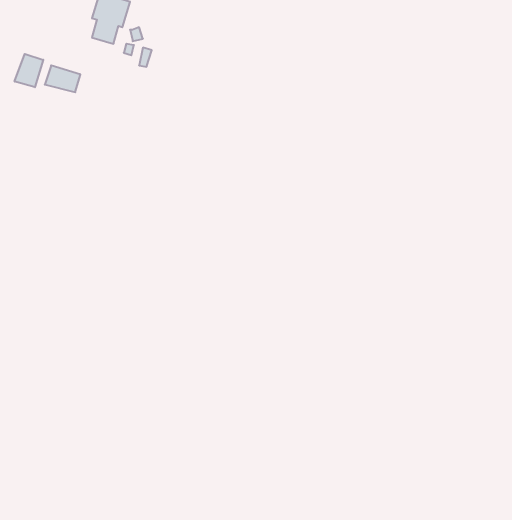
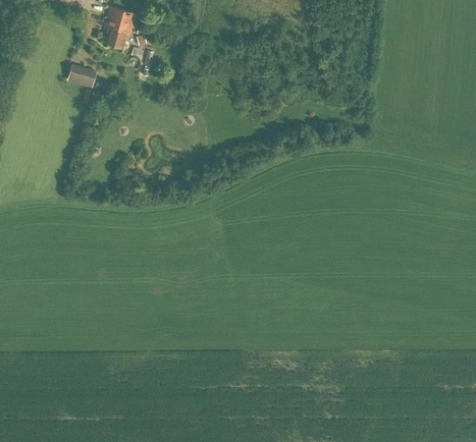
building: [15,54,43,87] -> none

